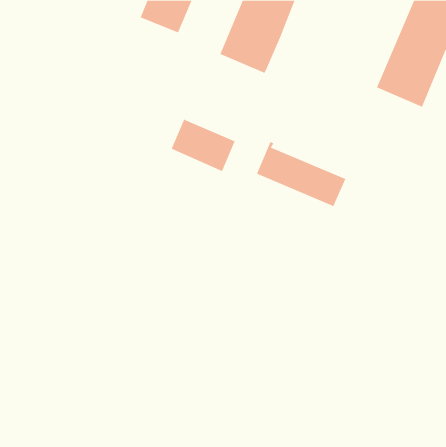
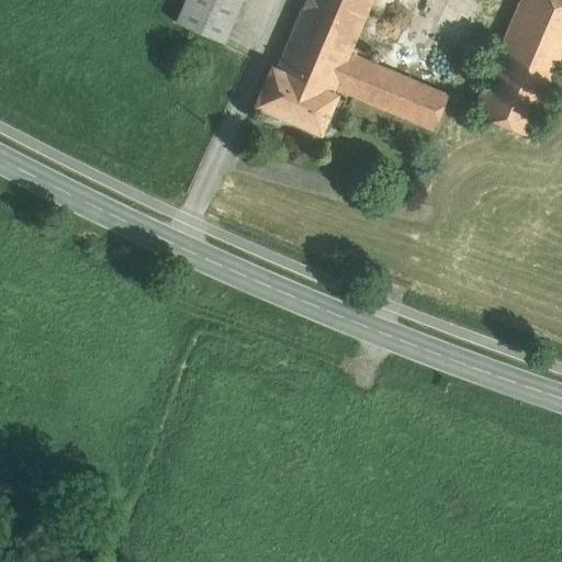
building: [171,118,235,172] -> [257,66,338,133]
building: [256,141,346,207] -> [336,47,449,130]

